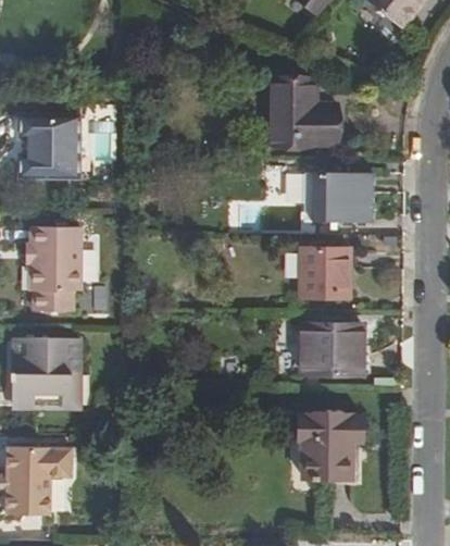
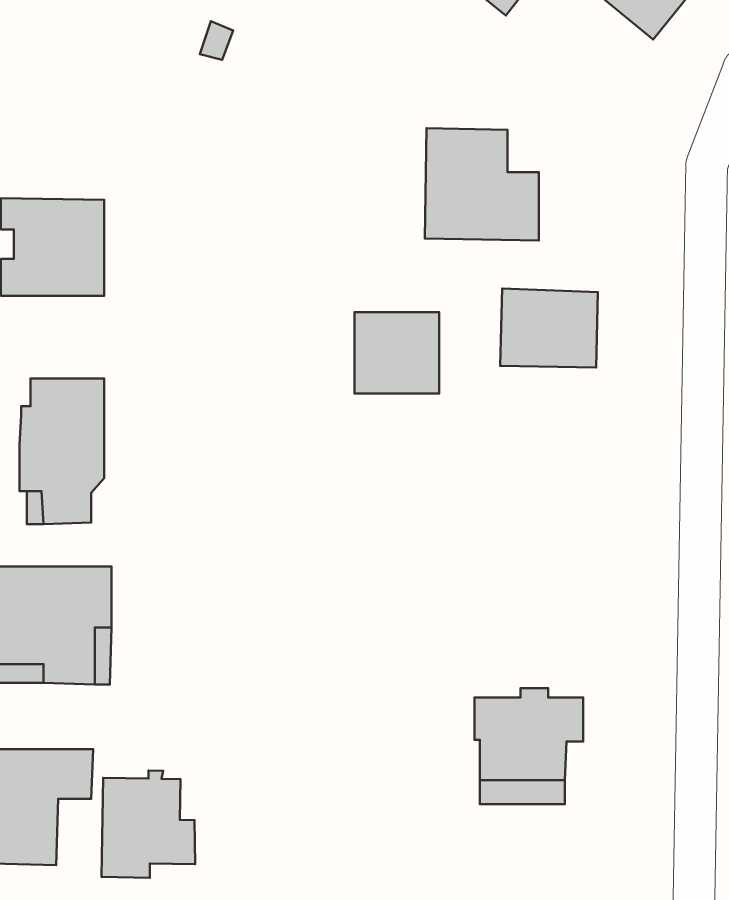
building: [300,250,350,298] -> [354,312,439,393]
building: [301,324,364,374] -> none
building: none -> [102,771,195,878]

